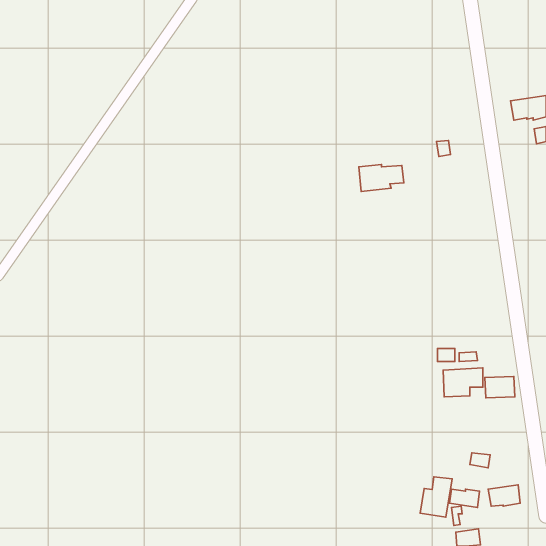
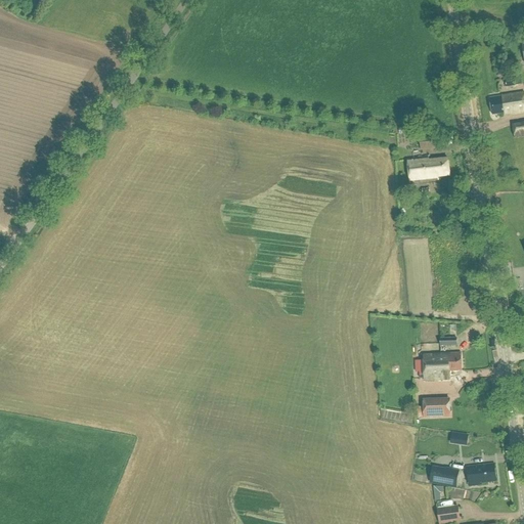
building: [359,165,404,191] -> [406,156,449,181]
building: [485,376,515,398] -> [421,396,449,417]
building: [420,477,452,517] -> none

